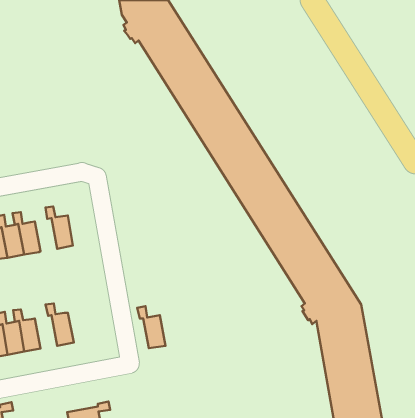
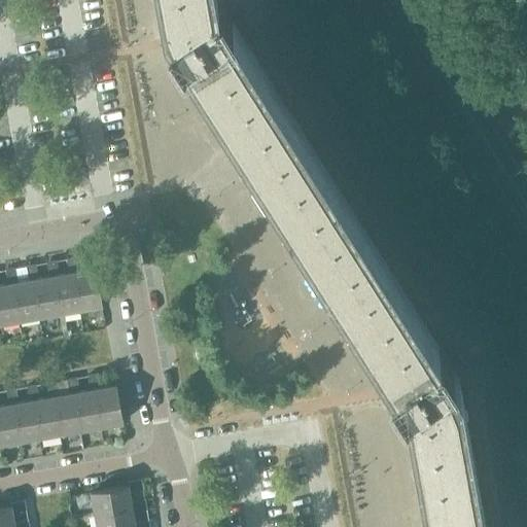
building: none -> [36,267,71,341]
building: [137,306,165,348] -> [77,380,112,432]
building: none -> [37,387,71,440]
building: none -> [80,486,133,519]

